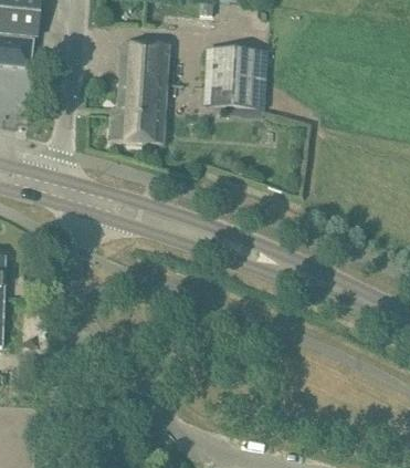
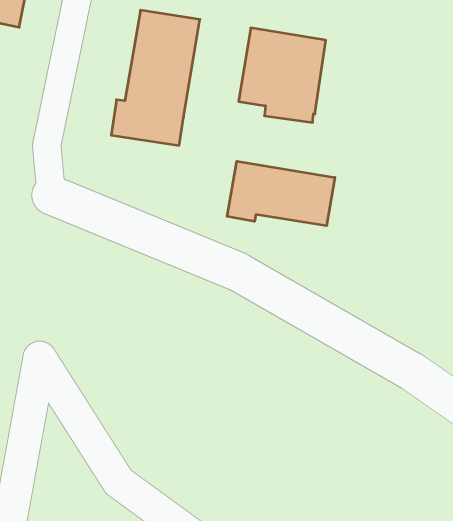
building: none -> [227,161,335,226]

